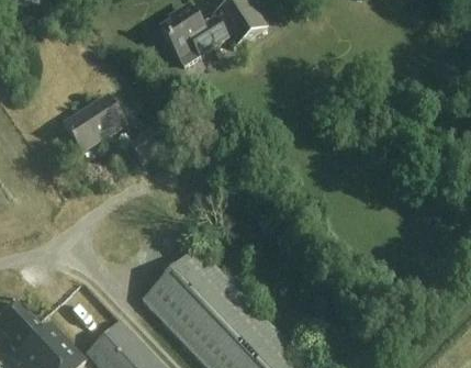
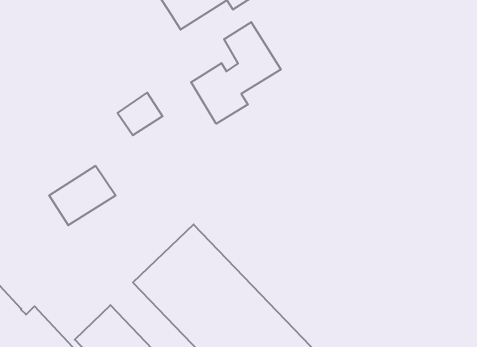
building: none -> [191,22,281,124]
building: [63,96,124,150] -> [49,166,116,225]

